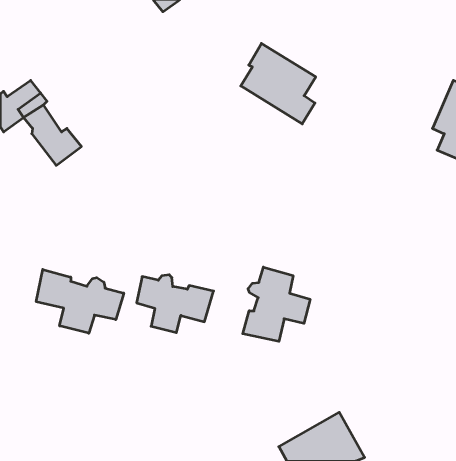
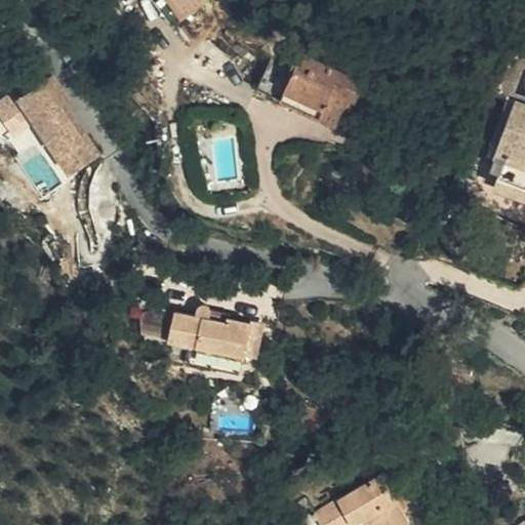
building: [243,267,310,341] -> none
building: [36,269,124,333] -> none

